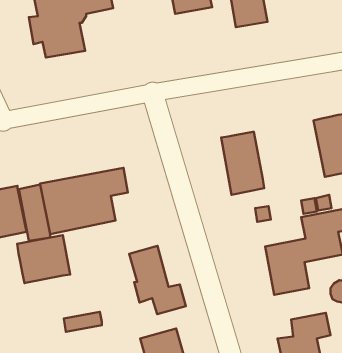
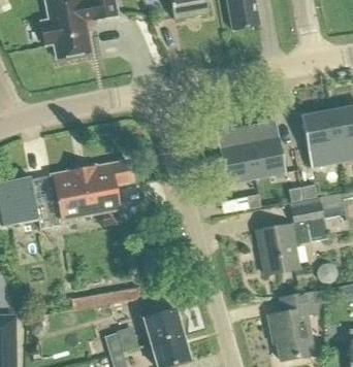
building: none -> [246,120,286,177]
building: [17,235,70,283] -> none
building: [129,246,186,314] -> none

